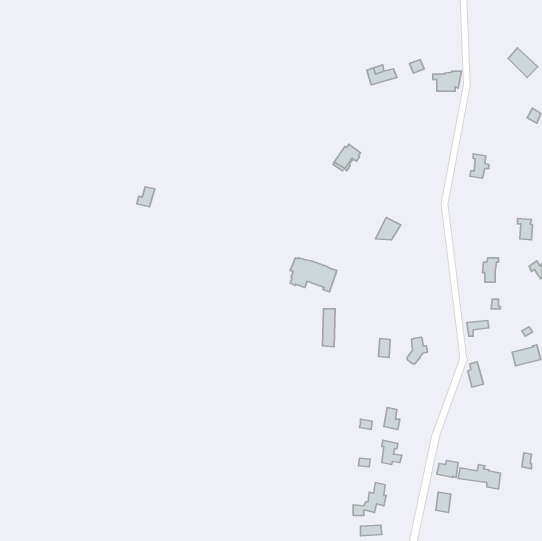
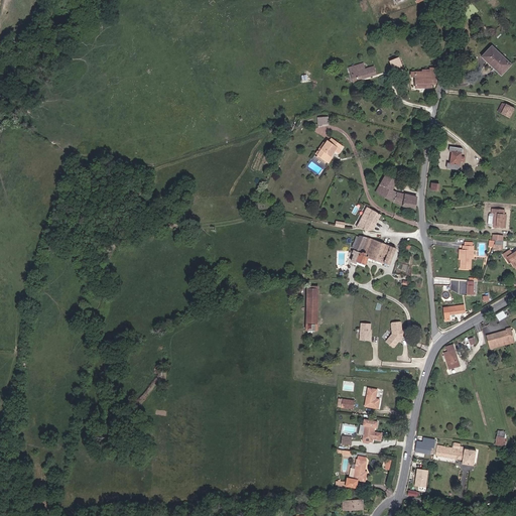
building: none -> [376,174,417,208]
building: [290,258,337,292] -> [352,235,396,267]

